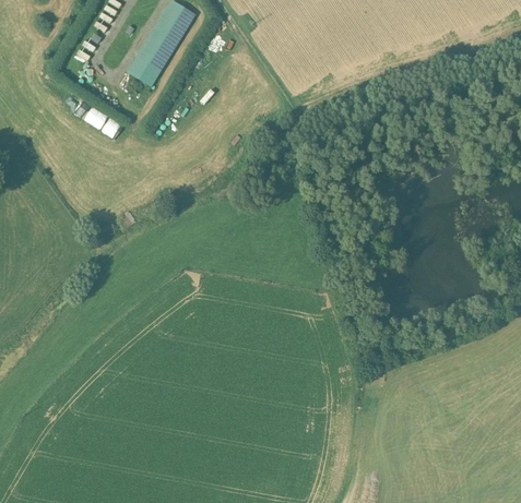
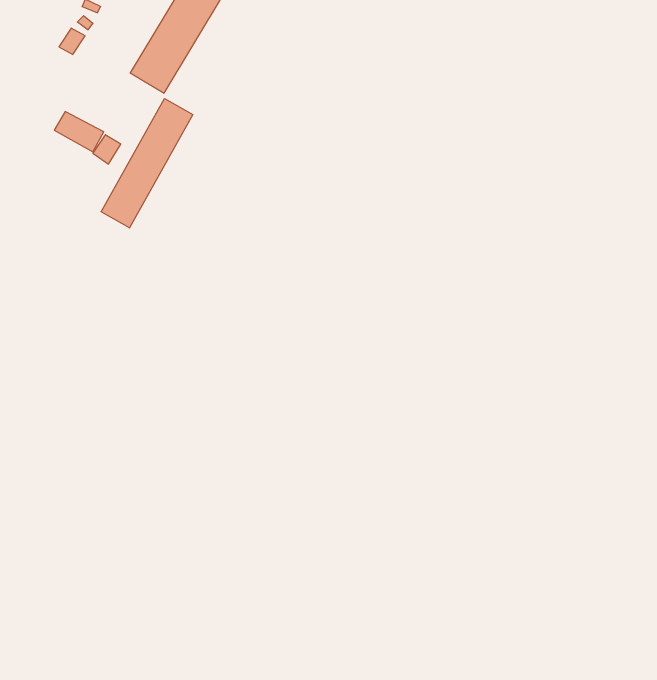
building: none -> [101,99,193,228]

